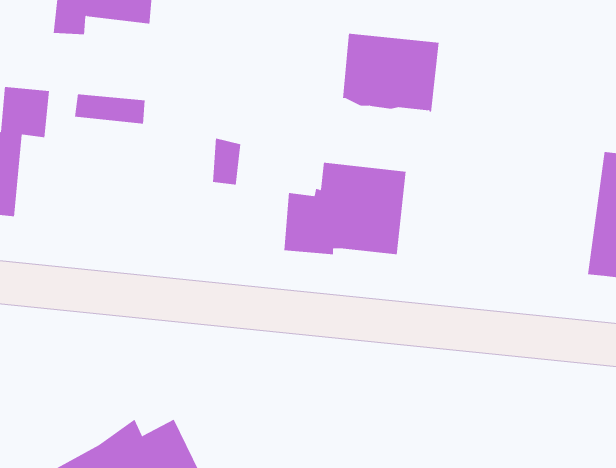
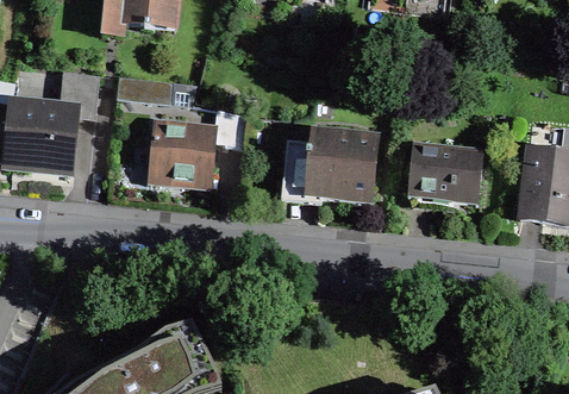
building: [342,33,439,112] -> [407,143,483,205]
building: none -> [148,123,217,190]

